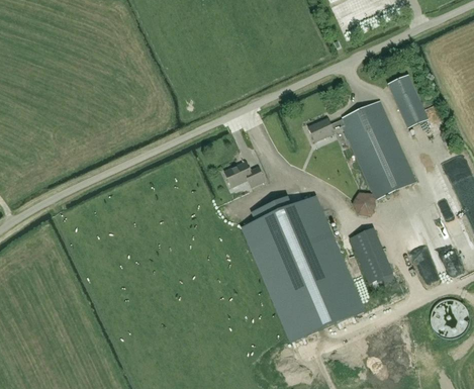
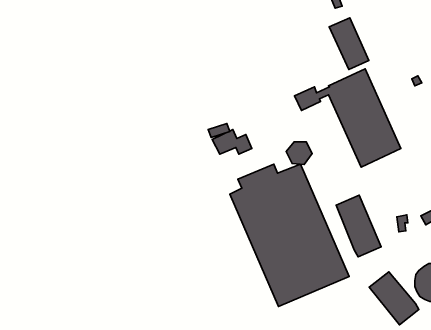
building: [386,74,426,126] -> [329,18,369,69]
building: [351,192,377,215] -> [286,142,312,165]
building: none -> [369,272,419,325]

